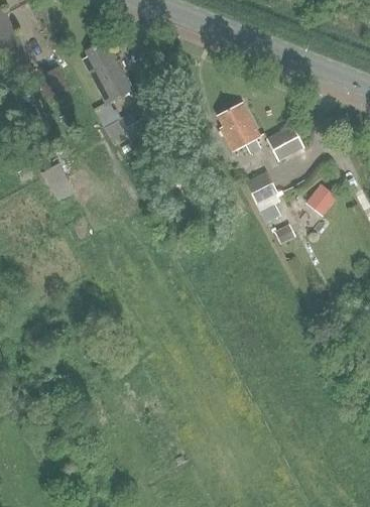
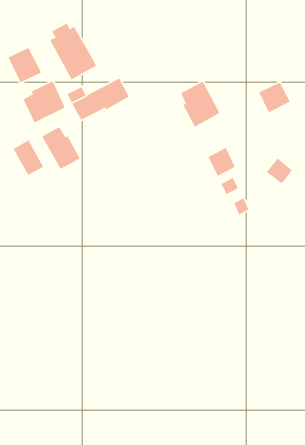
building: none -> [23,80,66,124]
building: [267,125,301,158] -> [258,82,291,113]
building: none -> [41,126,81,170]

